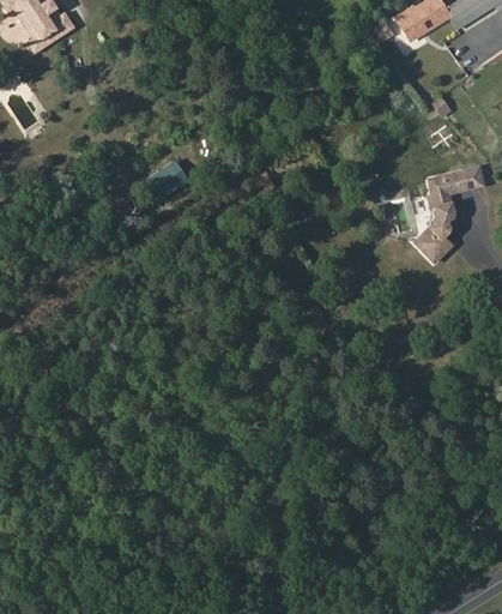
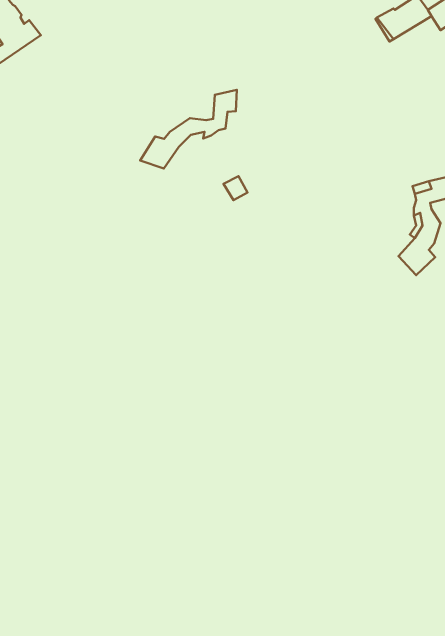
building: none -> [140,90,237,169]
building: [145,157,188,198] -> none

